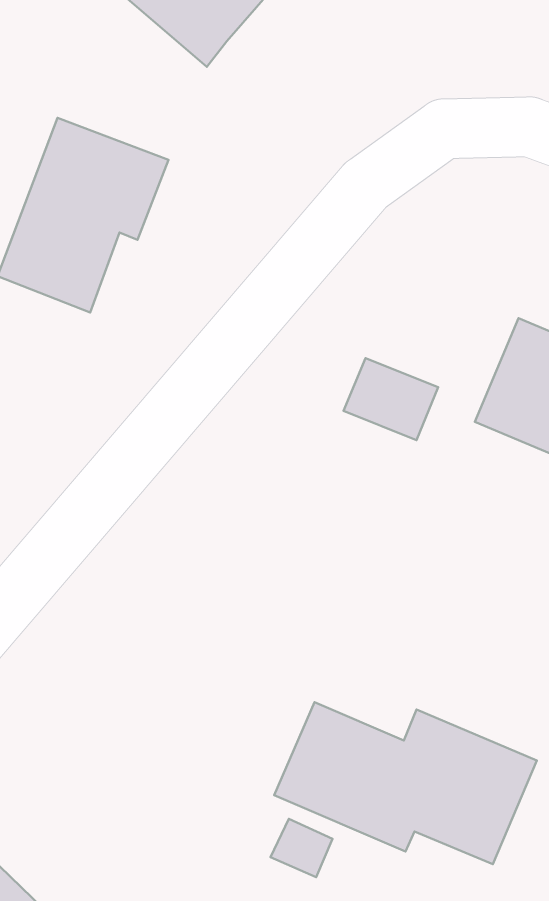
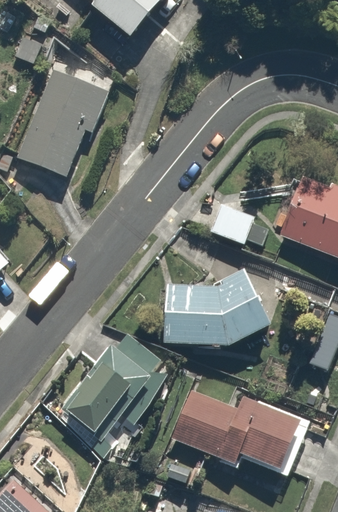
building: none -> [163,268,271,344]
building: none -> [67,331,164,441]

